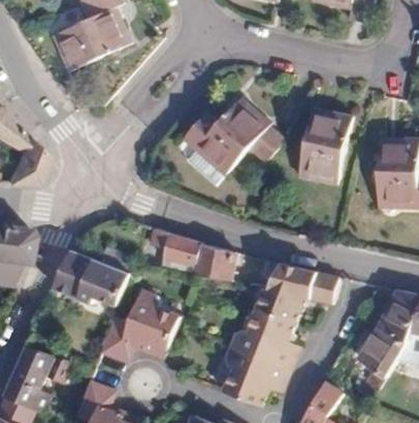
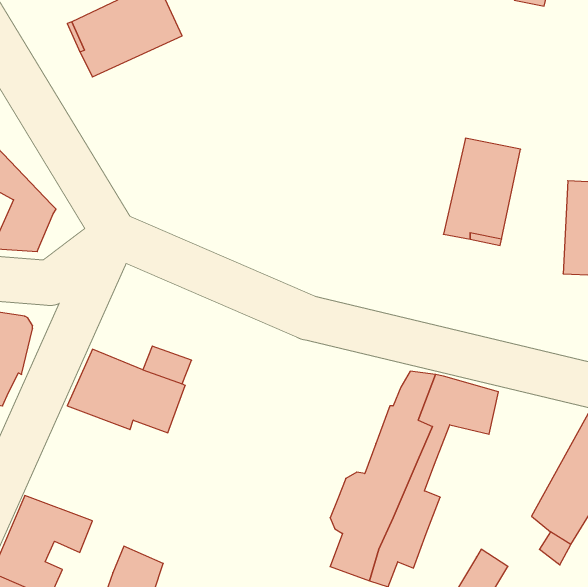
building: [182,98,284,185] -> none
building: [128,222,234,281] -> none
building: [101,289,180,361] -> none

